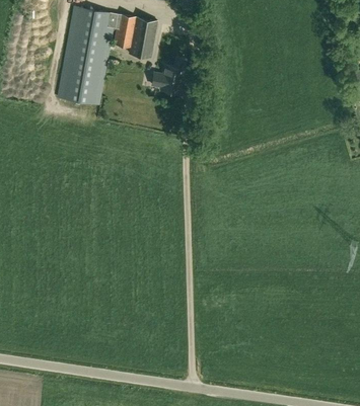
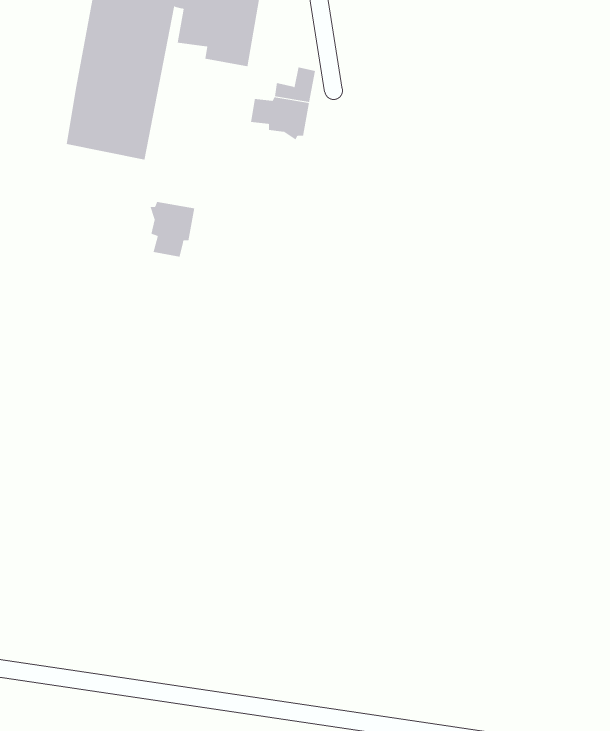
building: none -> [150,201,195,258]

